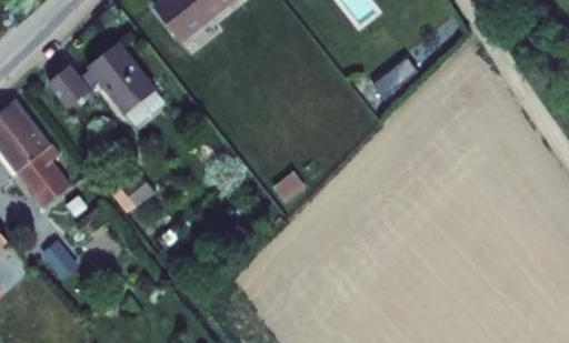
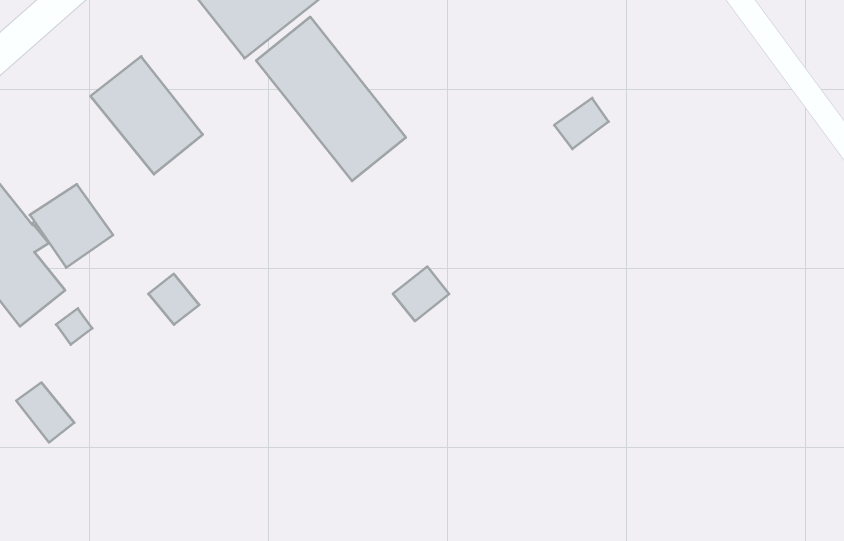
building: none -> [256,17,406,181]
building: [51,57,102,108] -> [30,184,113,268]

